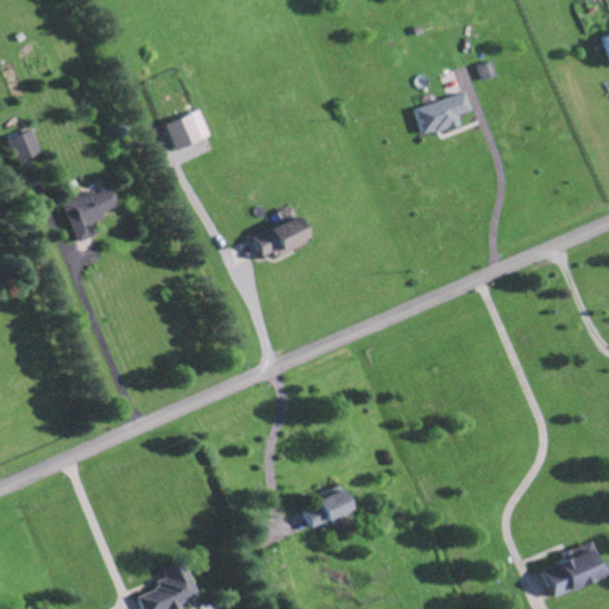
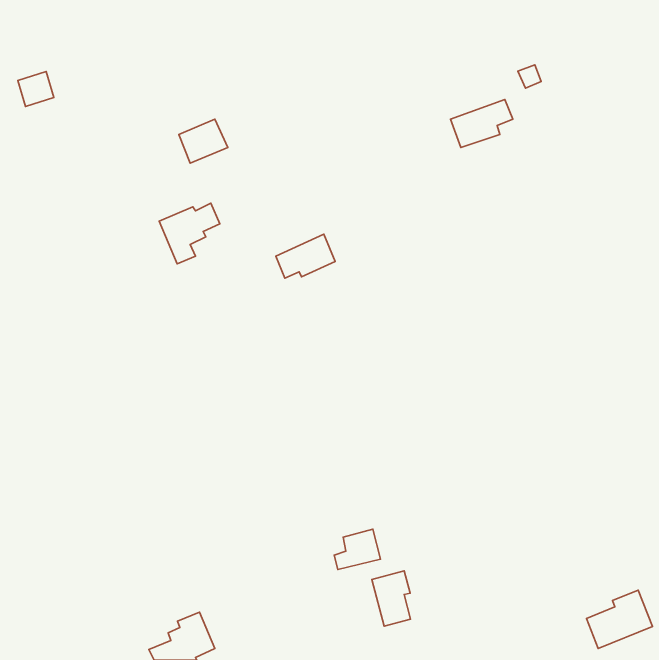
building: [8,130,42,162] -> [18,71,54,106]
building: [63,187,119,243] -> [159,203,220,264]
building: none -> [372,571,411,626]

